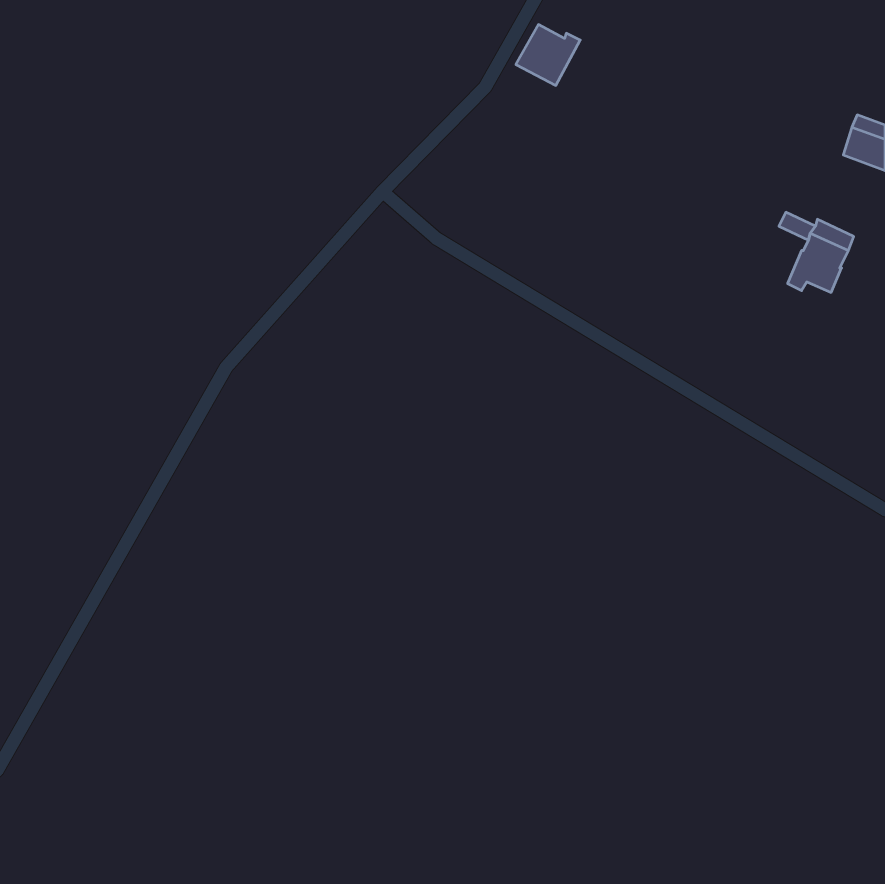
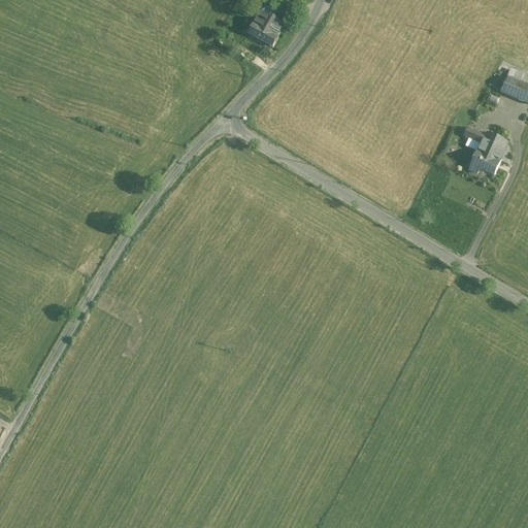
building: [516,25,580,85] -> [249,9,287,45]

